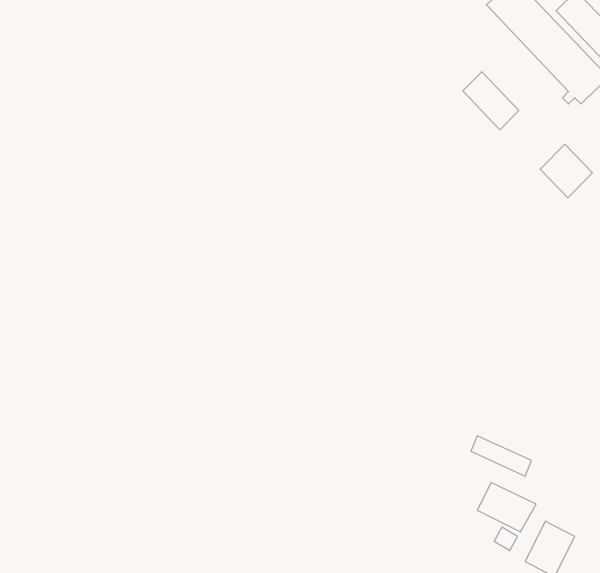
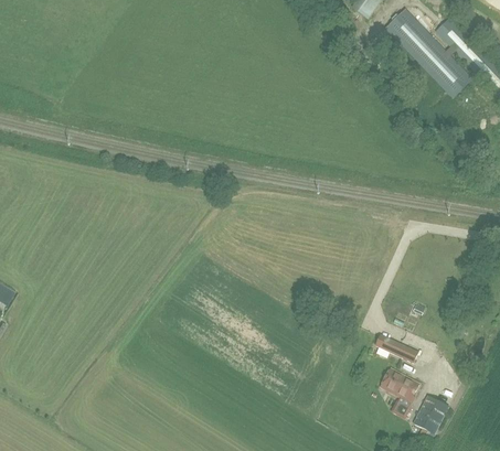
building: [463,72,519,130] -> none
building: [540,144,592,198] -> none

